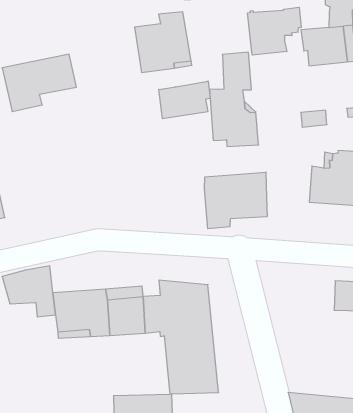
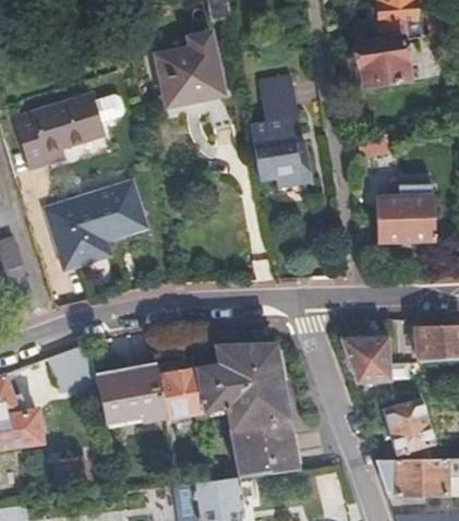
building: [248,7,301,55] -> none
building: [159,81,210,119] -> none
building: none -> [44,181,146,269]
building: [205,172,267,229] -> none
building: none -> [340,337,391,381]
building: none -> [384,399,433,455]

